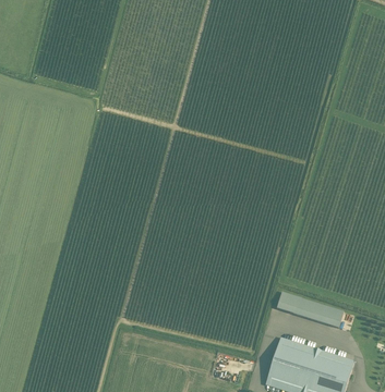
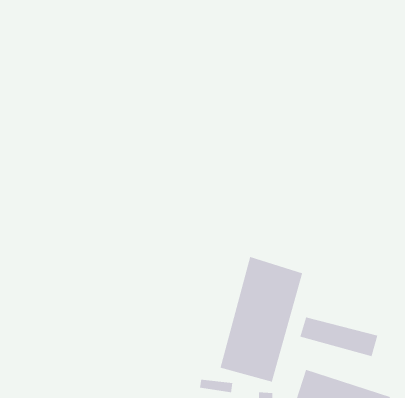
building: none -> [220,256,303,383]

